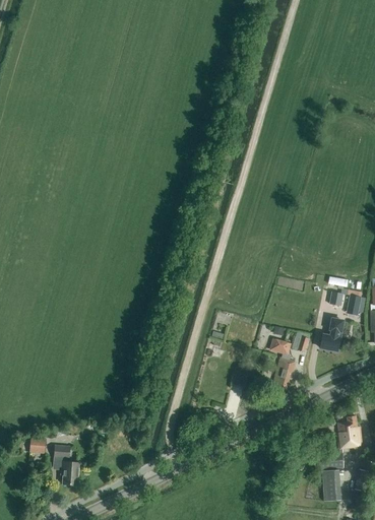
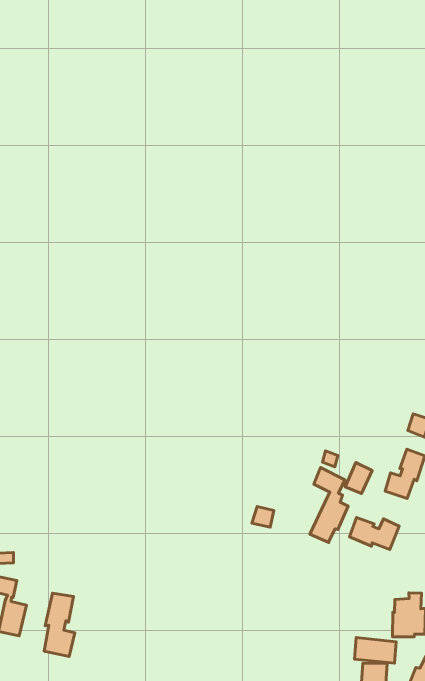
building: none -> [350,517,399,549]
building: none -> [44,593,75,656]

